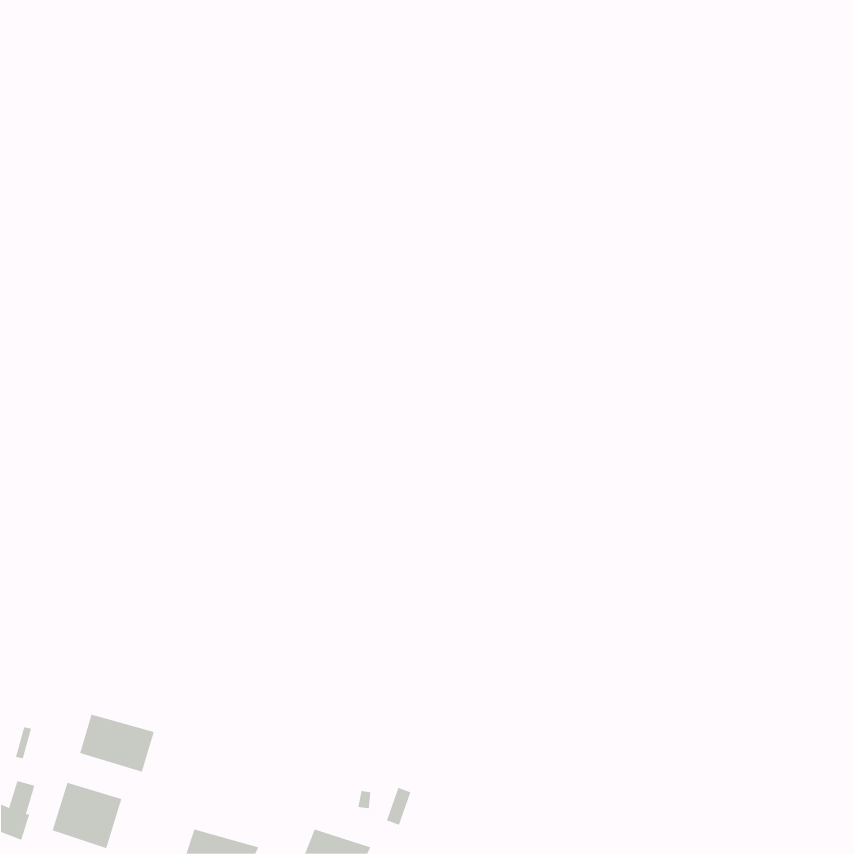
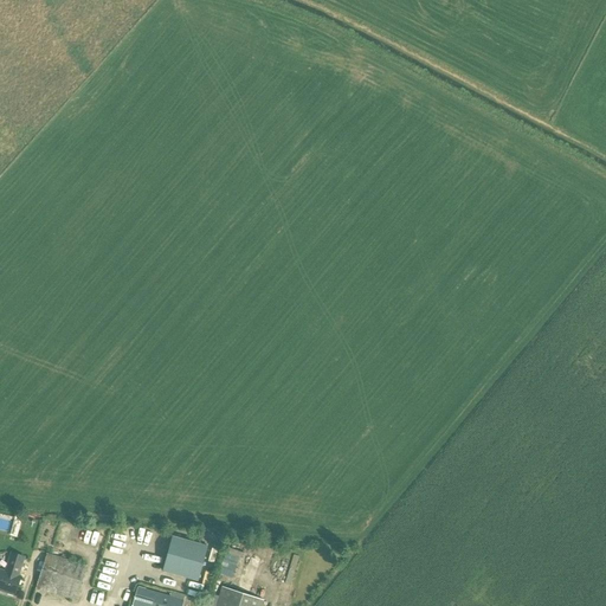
building: [80,714,155,772] -> none
building: none -> [162,536,207,581]

